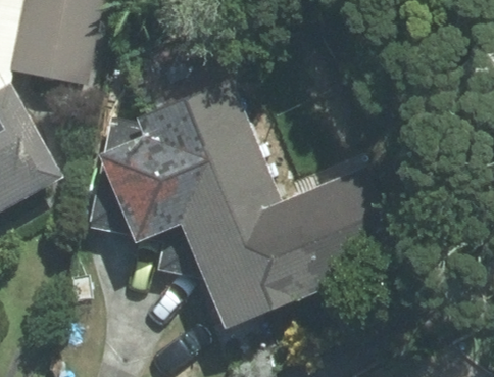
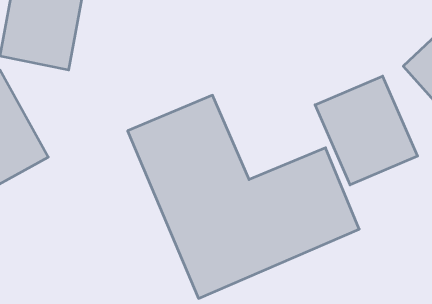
building: none -> [315,76,418,185]

